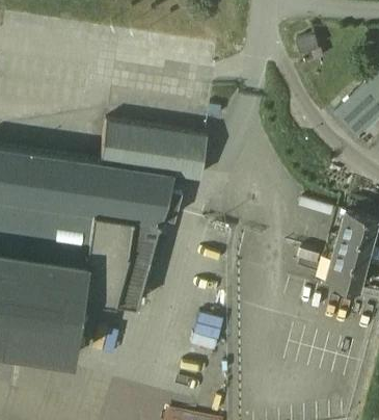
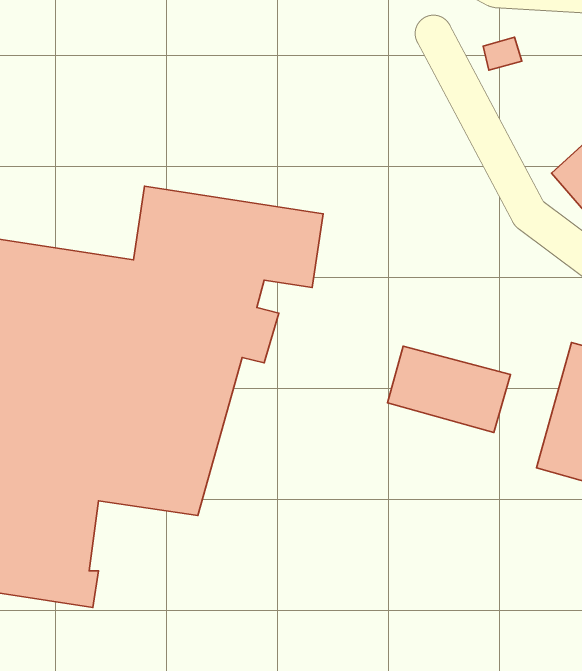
building: none -> [387,346,510,433]

